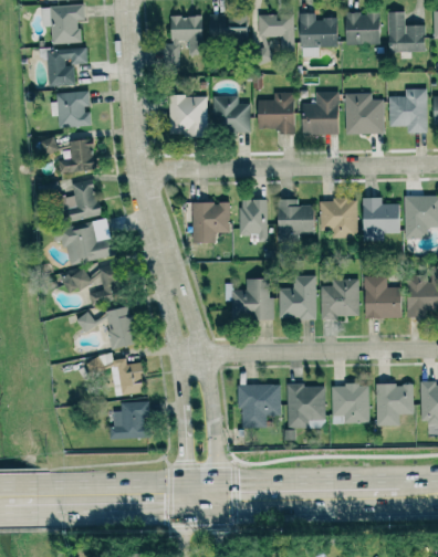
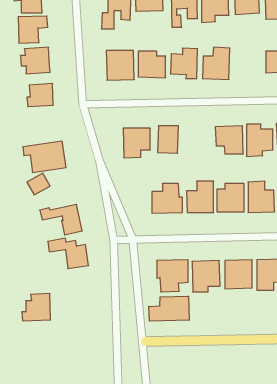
building: [345,92,385,134] -> none
building: [62,179,102,222] -> none
building: [278,198,314,237] -> none
building: [91,269,118,299] -> none
building: [109,401,149,439] -> [22,294,51,321]
building: none -> [149,296,189,321]

